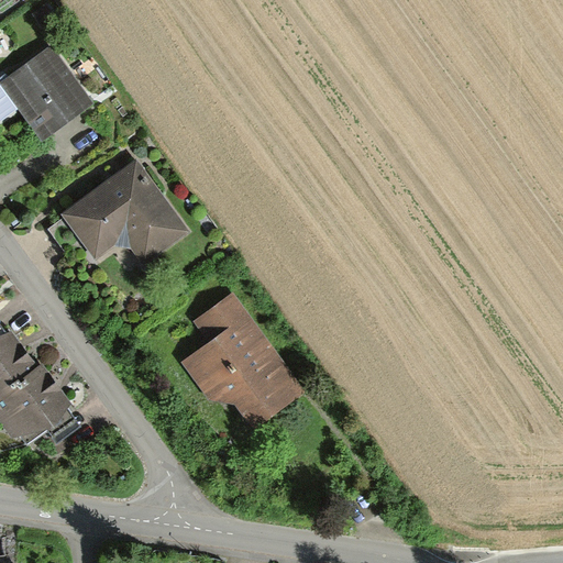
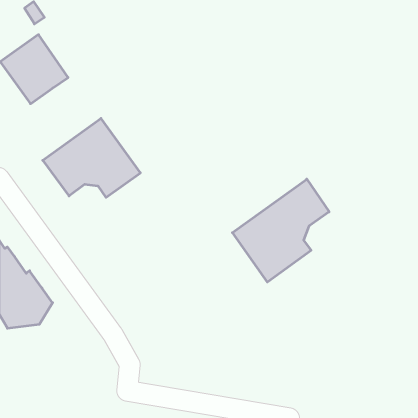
building: none -> [232,179,329,282]
building: [180,294,302,429] -> none

